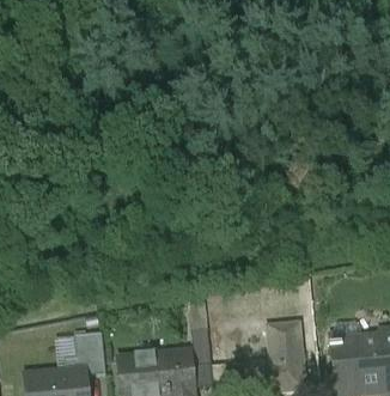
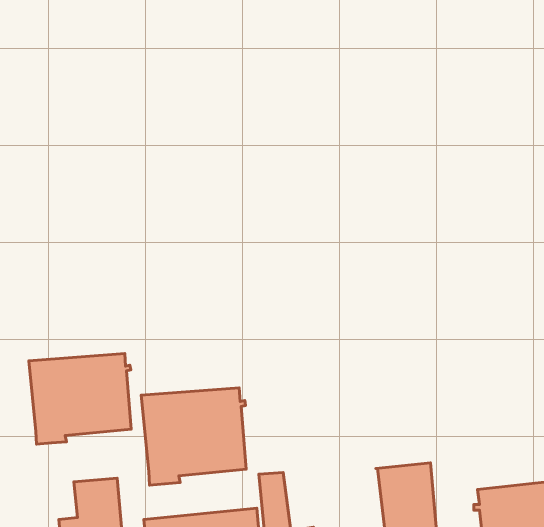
building: none -> [29,353,131,444]
building: none -> [141,388,246,485]

